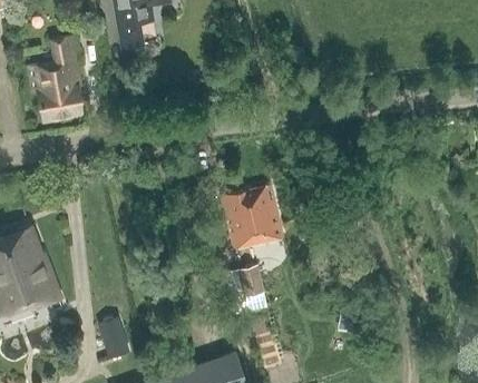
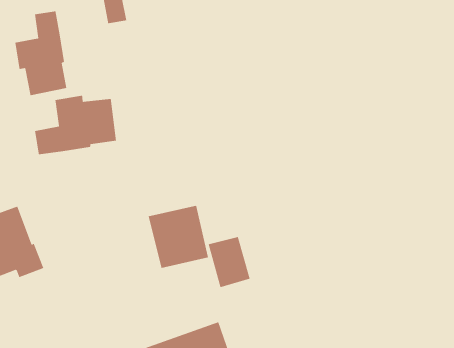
building: none -> [34,95,116,155]
building: [221,185,283,249] -> [148,205,209,269]
building: [100,317,130,359] -> none

